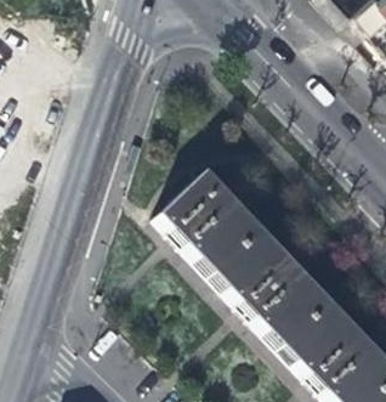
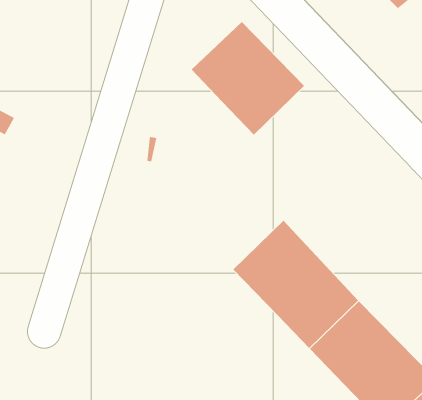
building: [155,177,259,281] -> [191,21,305,135]

